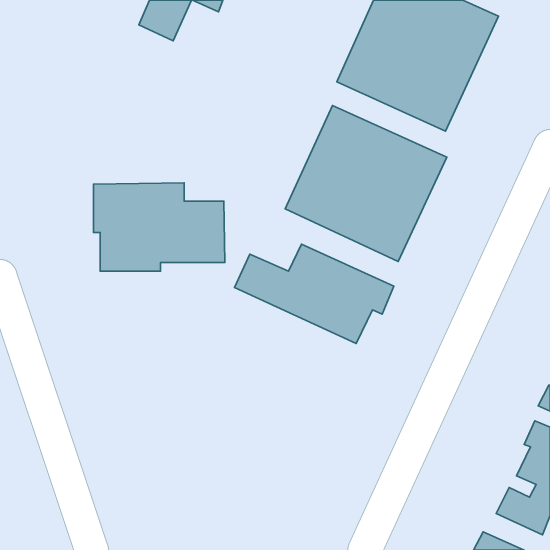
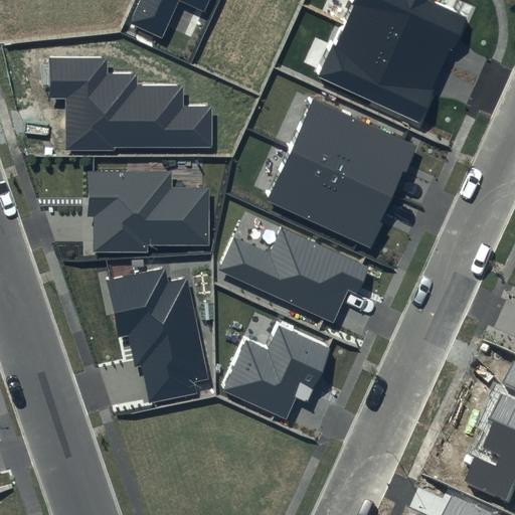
building: none -> [50,57,213,148]
building: none -> [108,269,209,405]
building: none -> [221,321,331,417]

